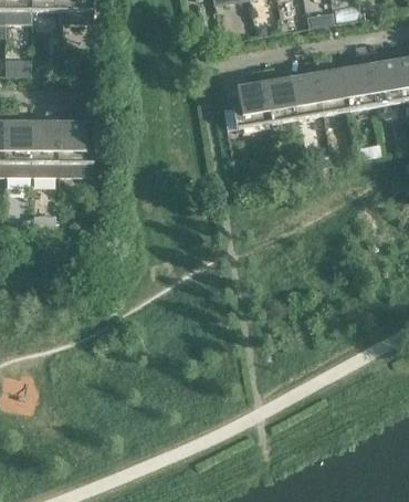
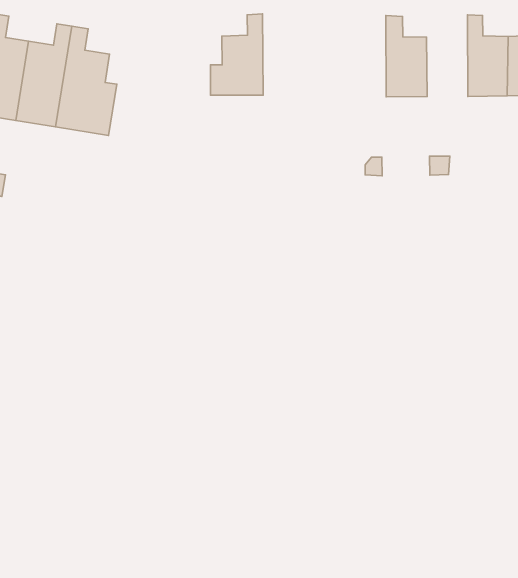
building: [291,60,324,117] -> none
building: [233,69,271,127] -> [210,14,263,95]

